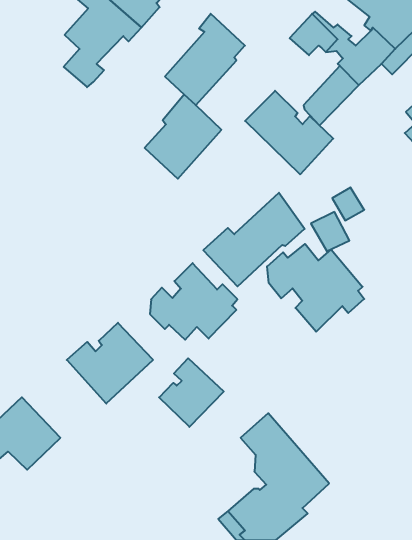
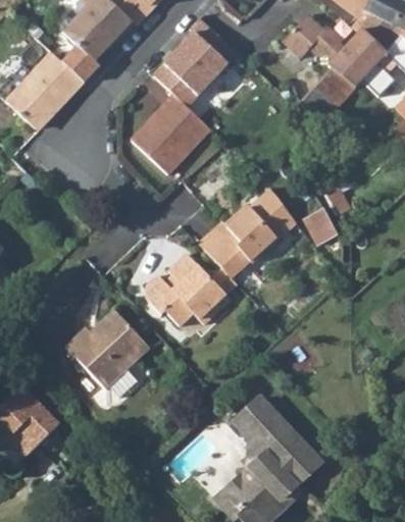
building: none -> [8,55,87,129]
building: [245,91,333,174] -> none
building: [267,244,364,332] -> none
building: [159,358,224,427] -> none

